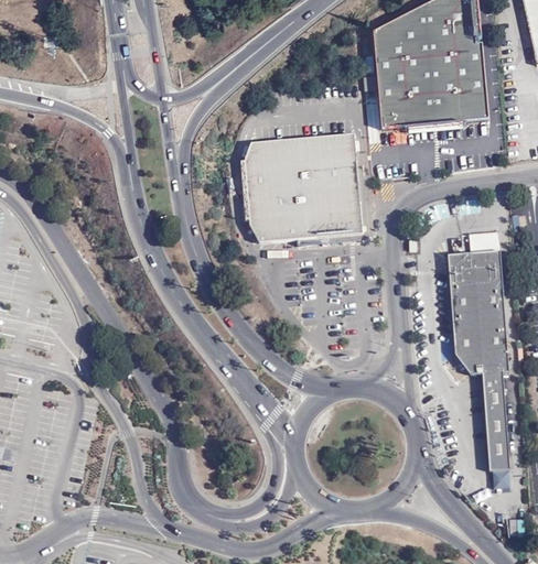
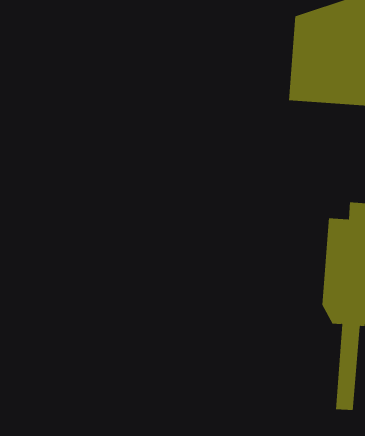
building: [247,132,365,239] -> none

